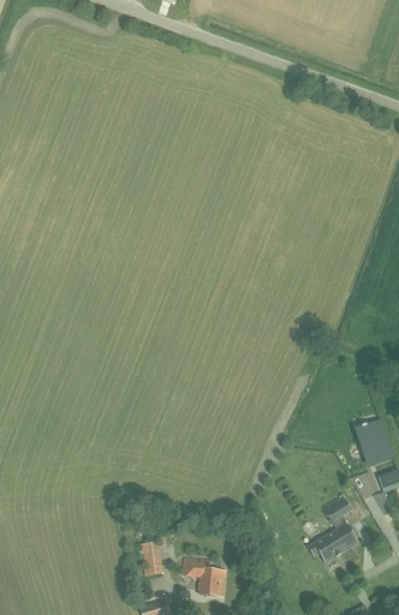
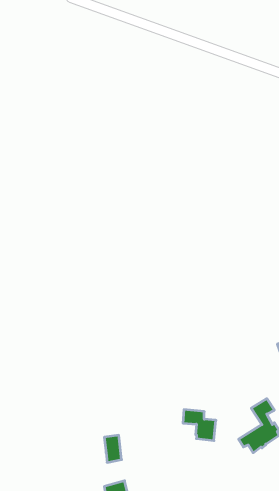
building: [184,557,225,596] -> [183,410,216,441]

